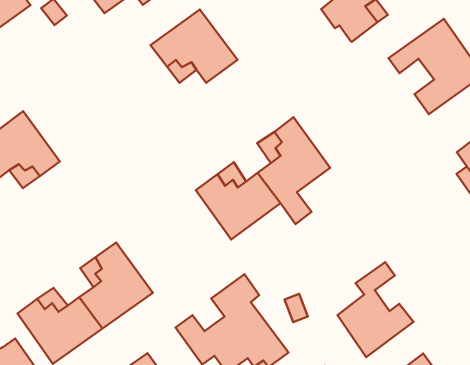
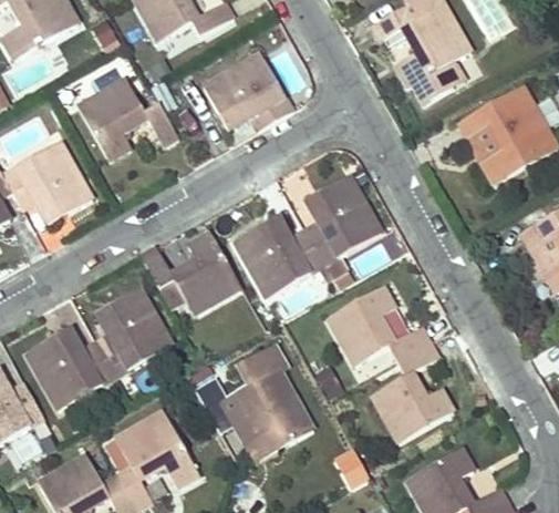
building: none -> [76,72,177,152]
building: none -> [141,234,241,316]
building: none -> [328,288,428,365]

